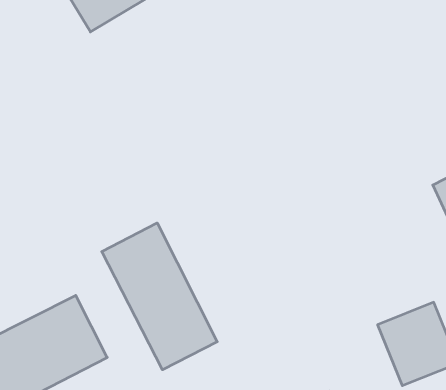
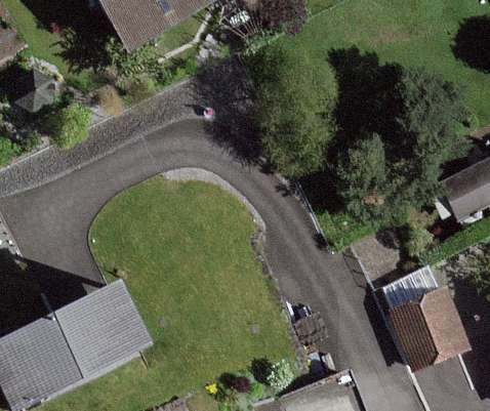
building: [102,223,217,370] -> none

